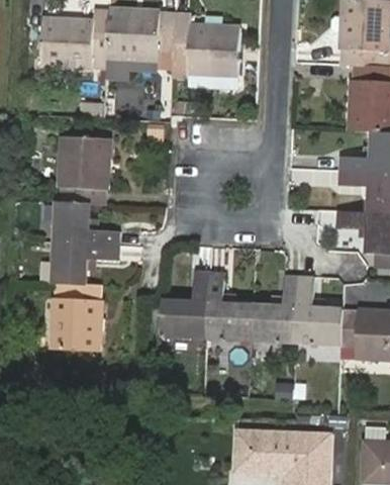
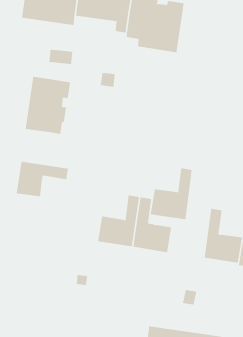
building: [57,202,118,246] -> none
building: [251,276,298,340] -> [150,168,193,220]
building: [52,283,101,351] -> none

